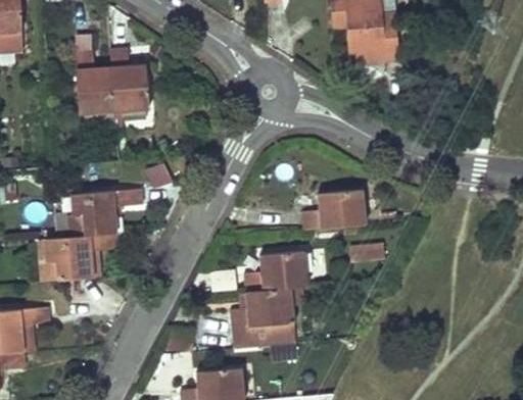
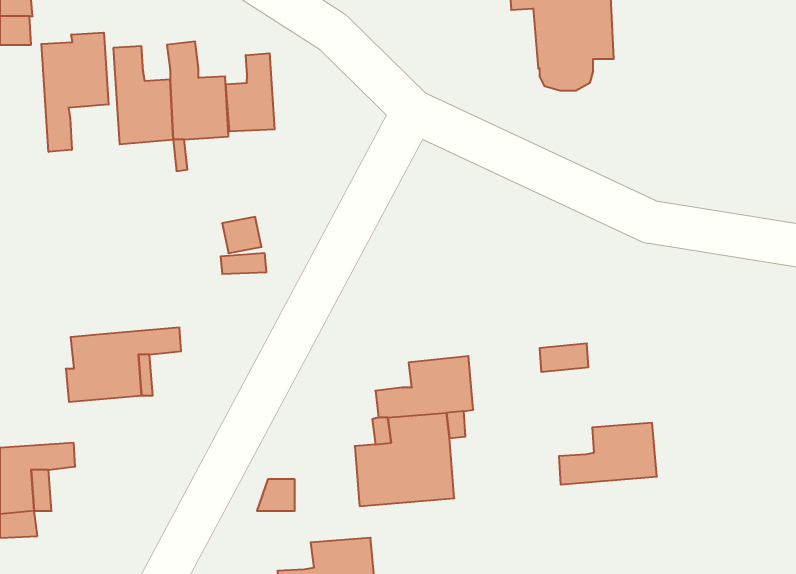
building: none -> [41,33,109,152]
building: none -> [226,53,275,132]
building: [67,188,142,237] -> none
building: [302,190,366,230] -> [559,423,657,485]

